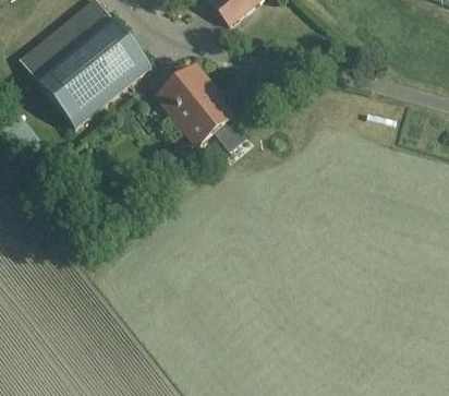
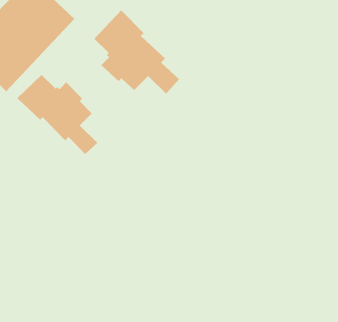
building: none -> [17,74,98,155]

